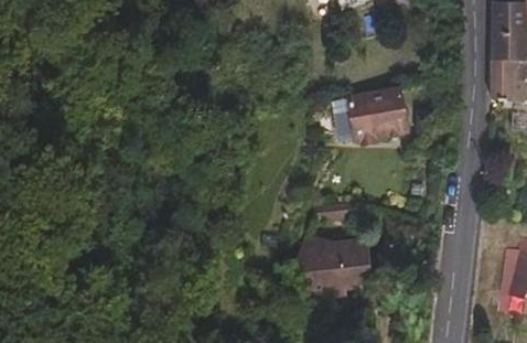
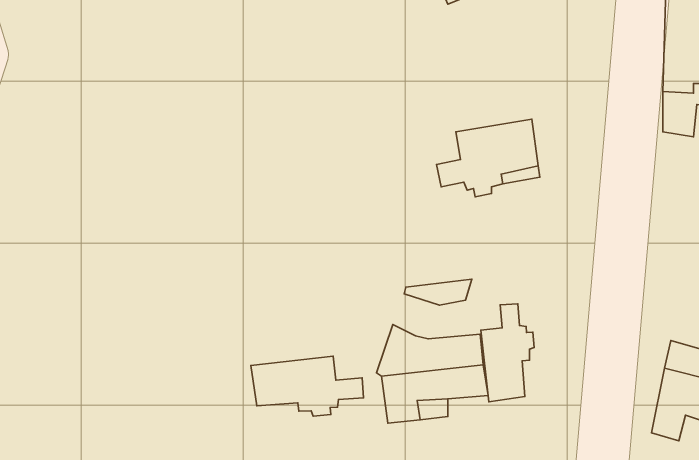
building: none -> [481,304,534,402]
building: none -> [251,356,363,416]

